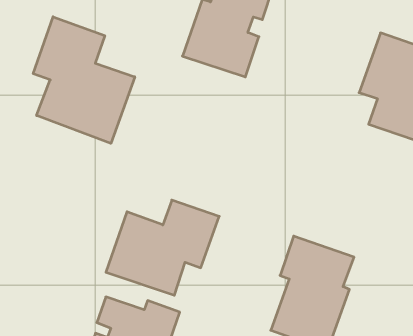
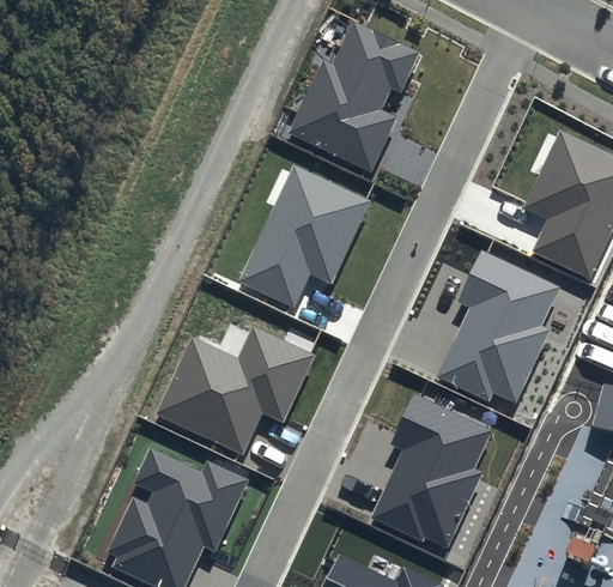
building: [33,17,135,143] -> none
building: none -> [237,164,371,309]
building: none -> [437,252,560,403]

